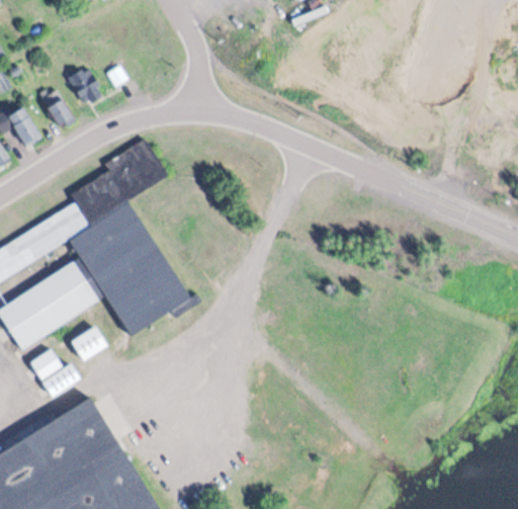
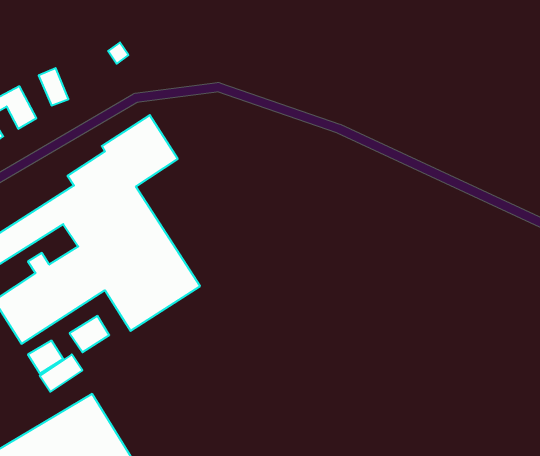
building: [66,66,100,105] -> none

